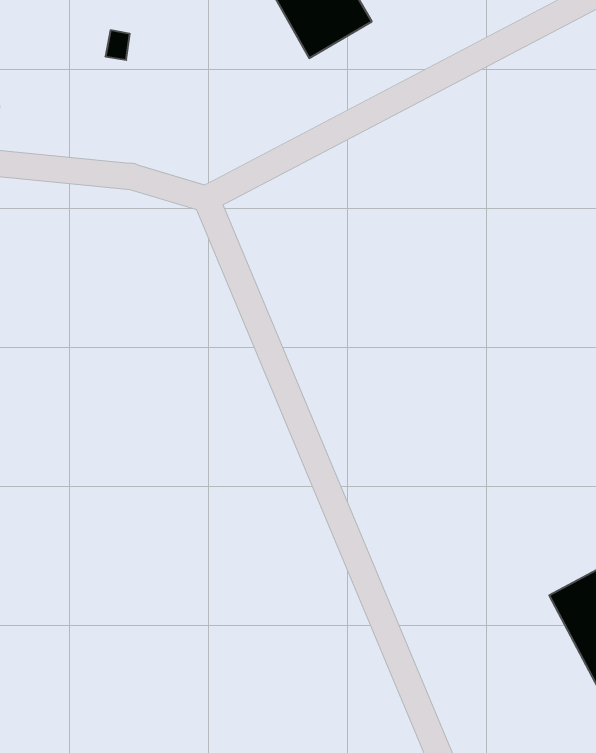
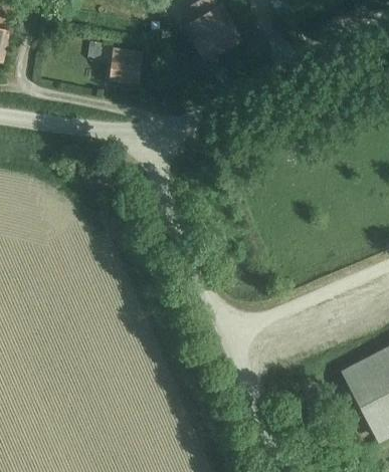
building: none -> [109,48,142,82]

